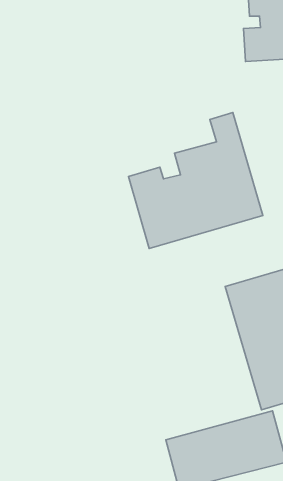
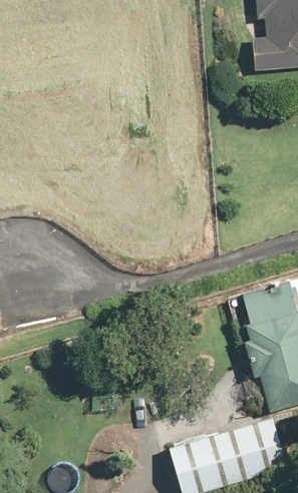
building: [128,113,263,248] -> none

